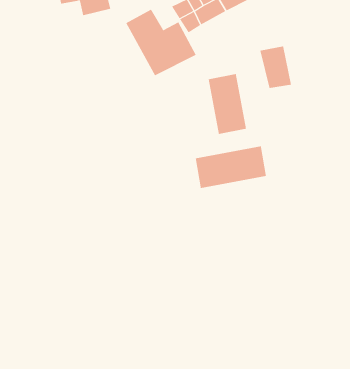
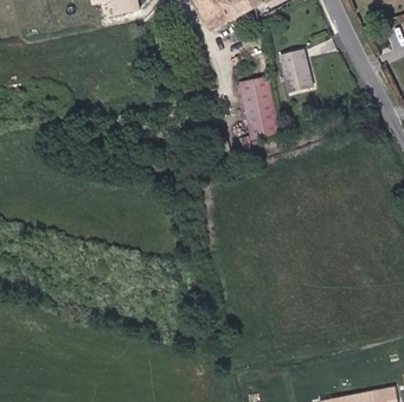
building: [125,9,197,76] -> none
building: [195,146,266,189] -> none

